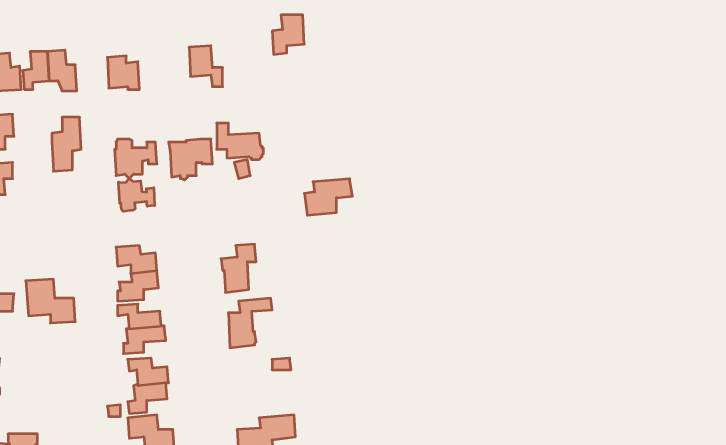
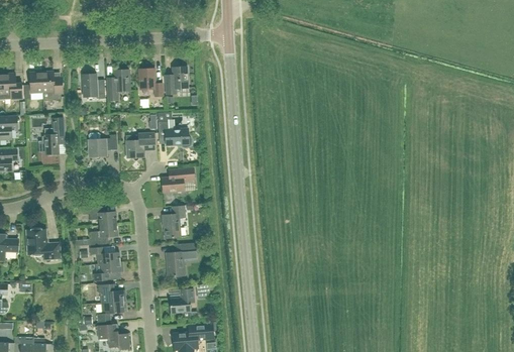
building: [272,15,304,54] -> [165,67,187,94]
building: none -> [106,70,129,100]
building: [119,179,155,211] -> none
building: [304,179,352,215] -> [161,167,194,193]
building: none -> [169,287,193,318]

